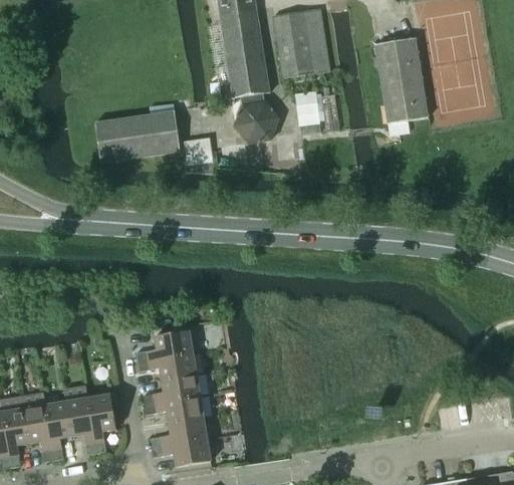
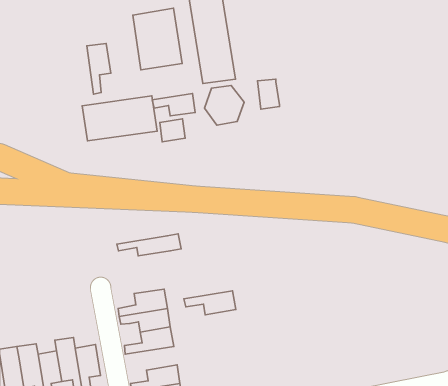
building: [272,9,328,79] -> [133,8,182,70]
building: [375,37,428,123] -> none
building: none -> [87,43,111,94]
building: none -> [152,93,195,116]
building: none -> [117,234,181,256]
building: [145,396,204,423] -> [184,291,236,315]

